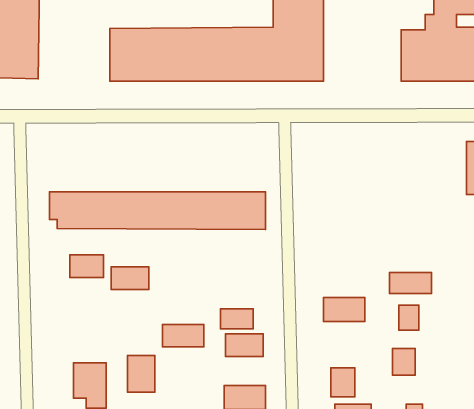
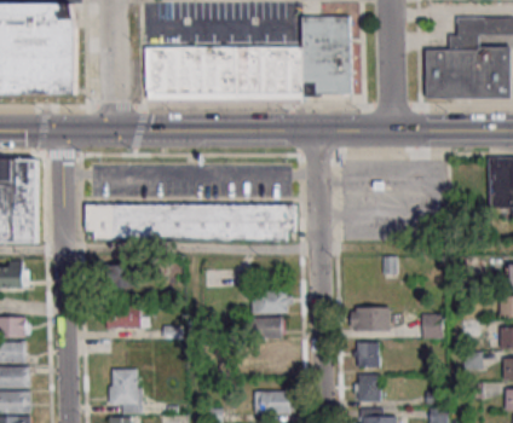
building: [111,267,149,289] -> [105,306,142,328]
building: [390,273,431,294] -> none
building: [162,324,204,347] -> [250,291,290,313]
building: [392,349,415,375] -> [357,342,379,367]
building: [128,356,155,392] -> none

